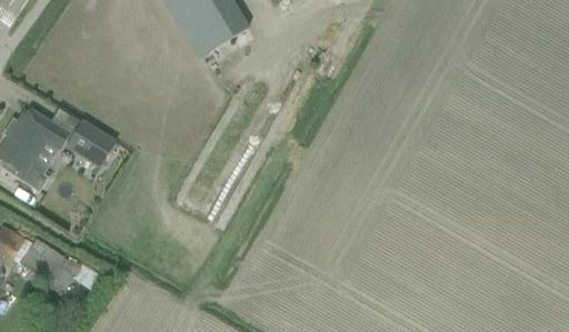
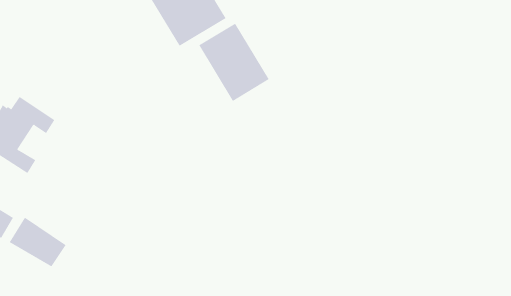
building: none -> [199,23,270,102]
building: [66,120,113,167] -> none

